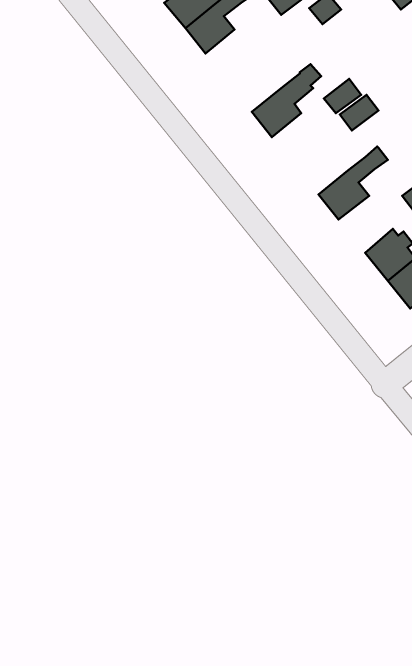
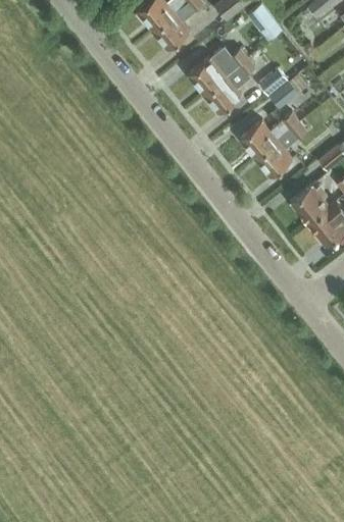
building: none -> [188,46,248,95]
building: none -> [239,112,299,158]

